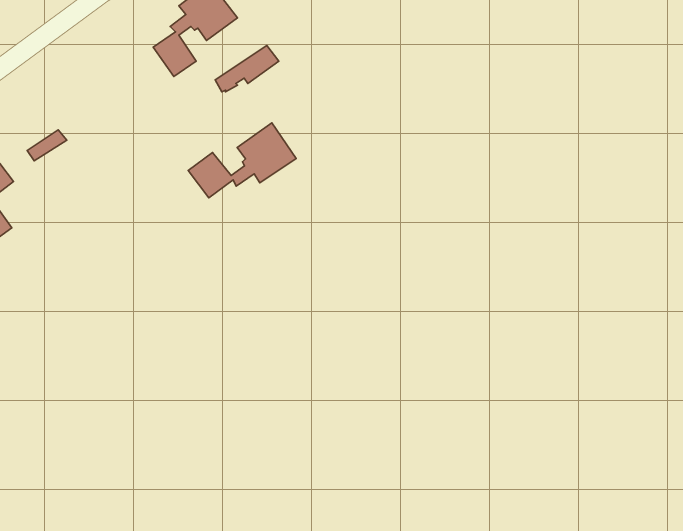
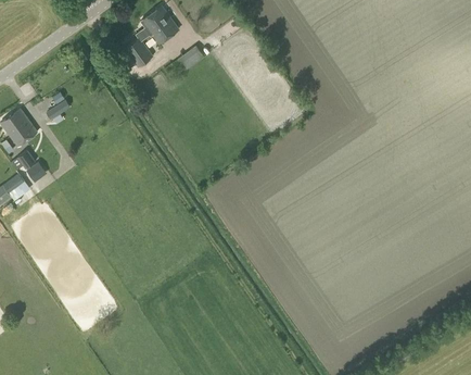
building: [188,123,296,198] -> none

